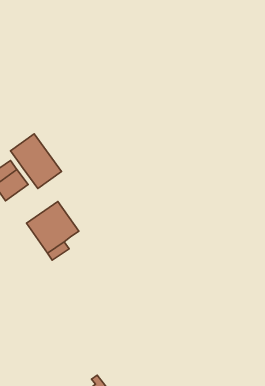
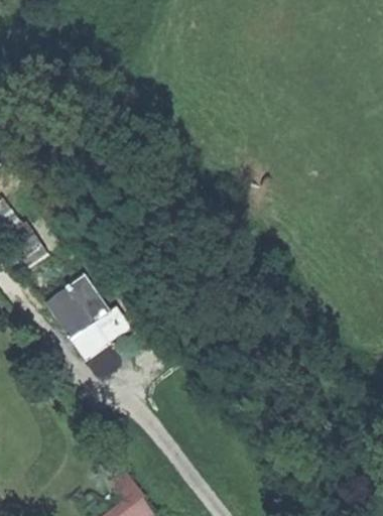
building: [11,134,62,189] -> none

